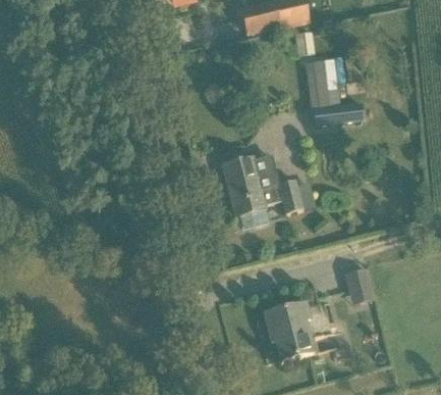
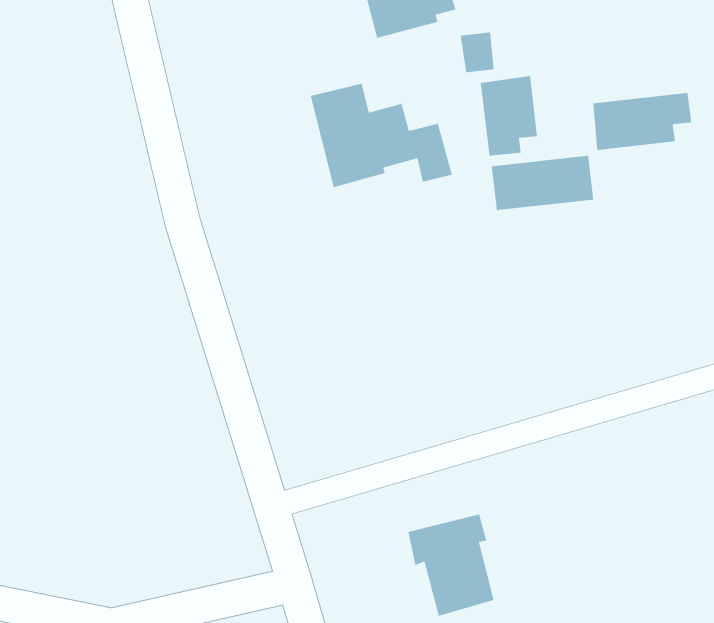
building: none -> [593,92,692,151]
building: [224,156,305,215] -> [310,83,453,188]
building: [343,265,376,303] -> none

